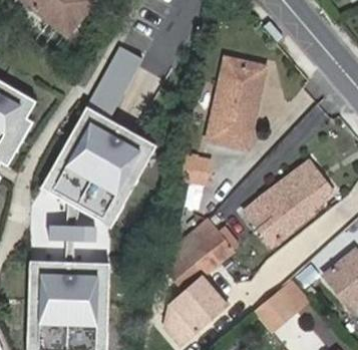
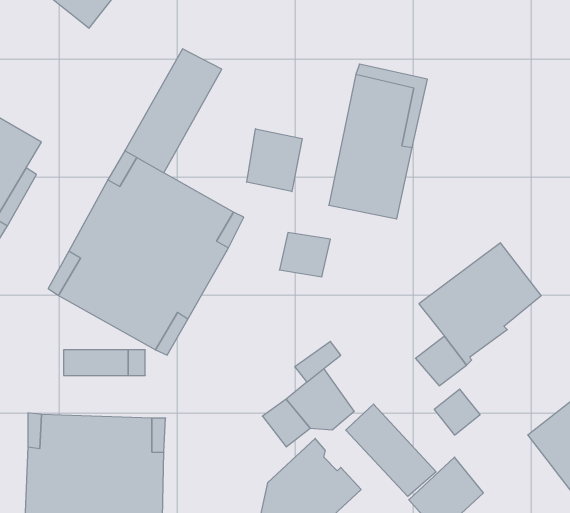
building: none -> [247,129,302,192]
building: none -> [346,404,436,496]

